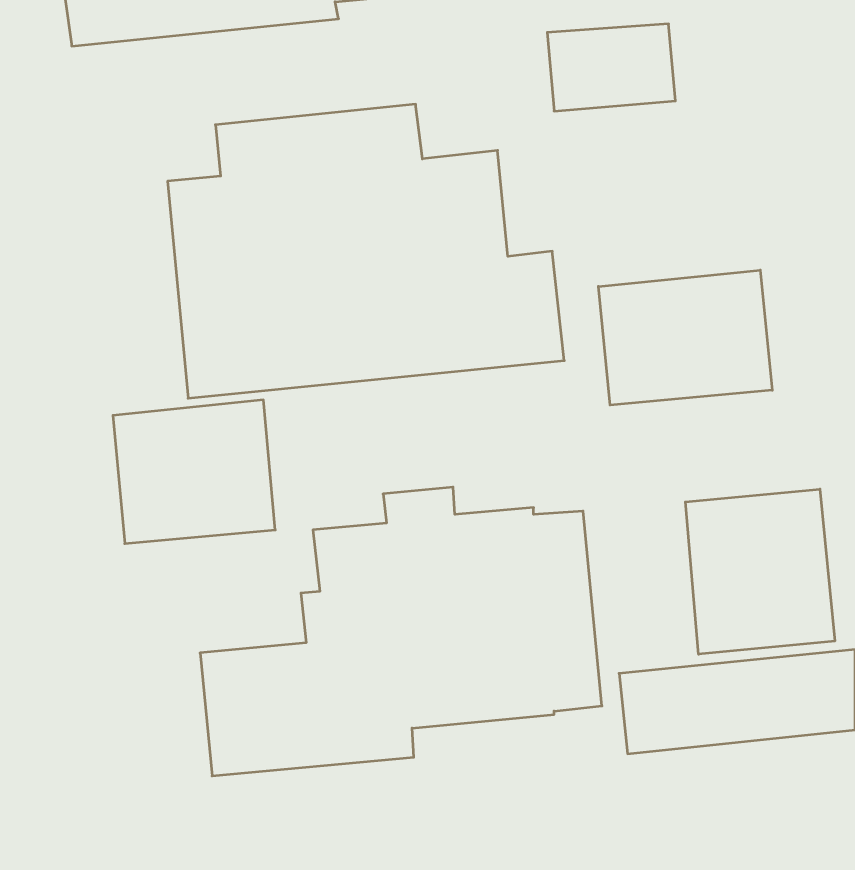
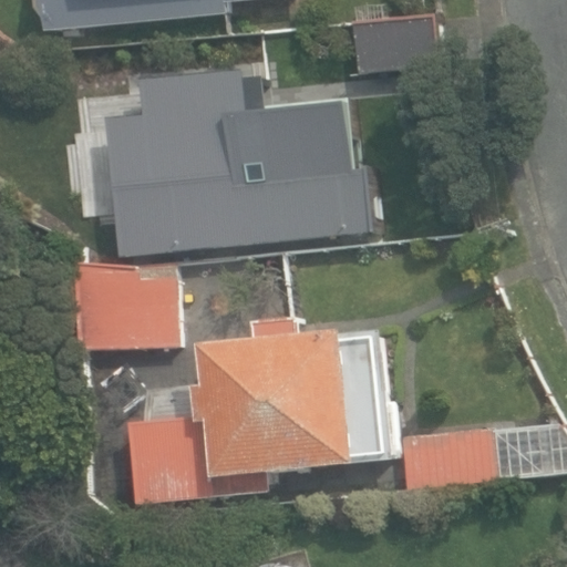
building: [598,270,772,405] -> none
building: [685,489,835,654] -> none

